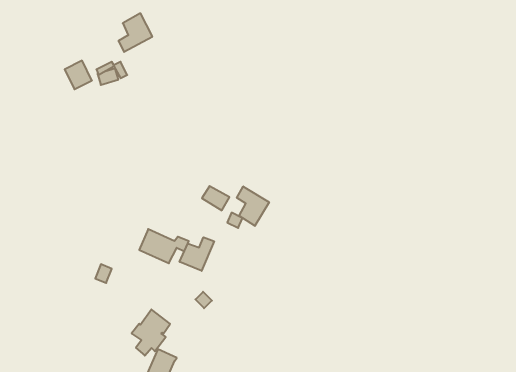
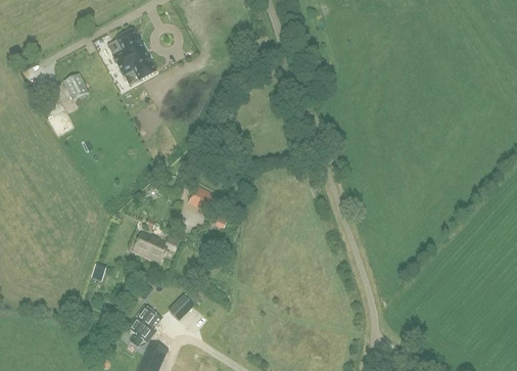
building: none -> [116,49,154,79]
building: [237,186,269,226] -> none
building: [180,237,214,271] -> none

